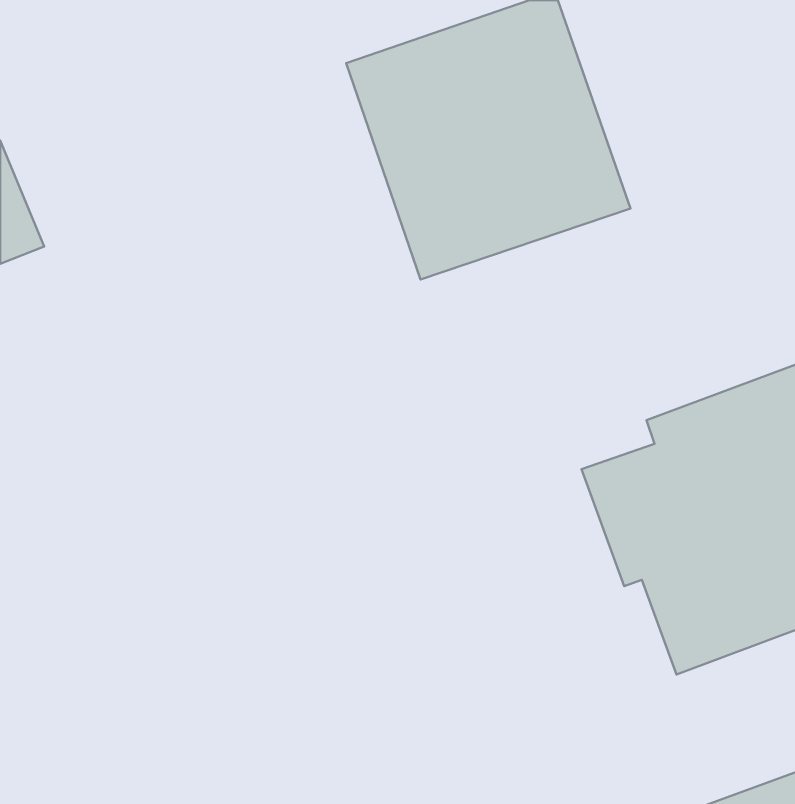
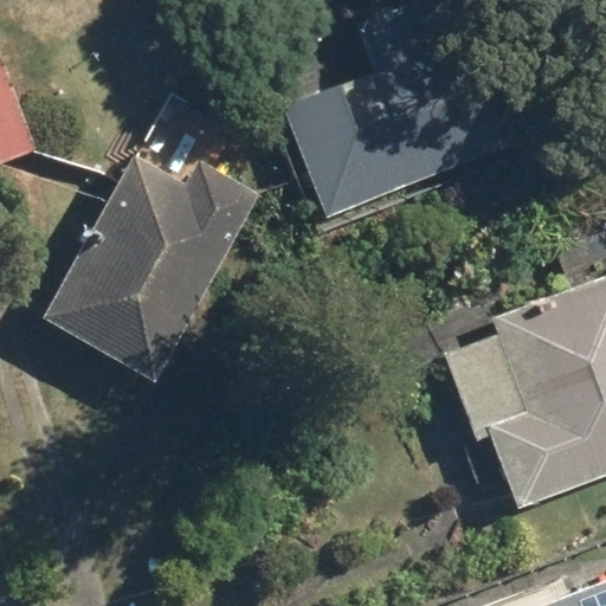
building: none -> [56,168,237,386]

